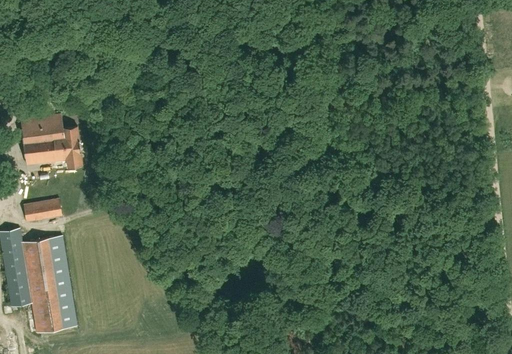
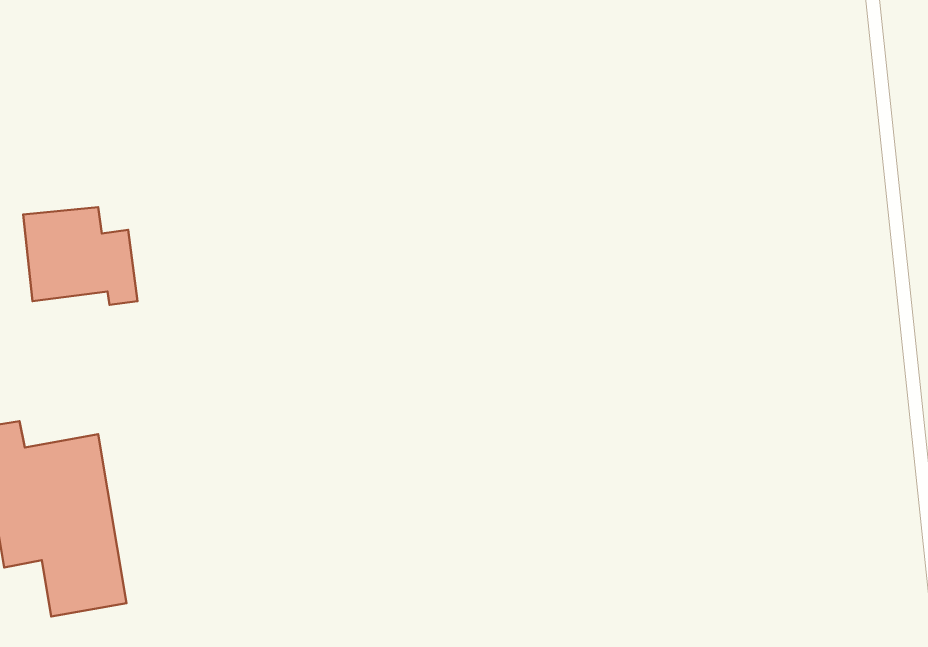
building: [23,199,61,222] -> none

